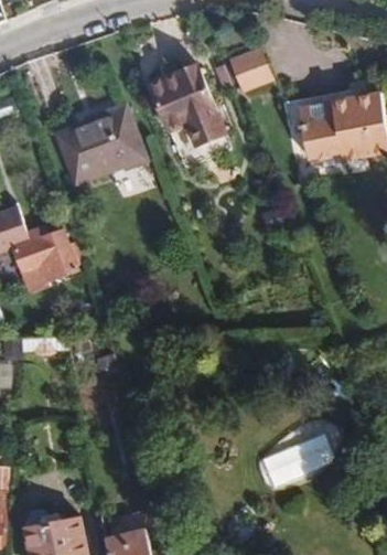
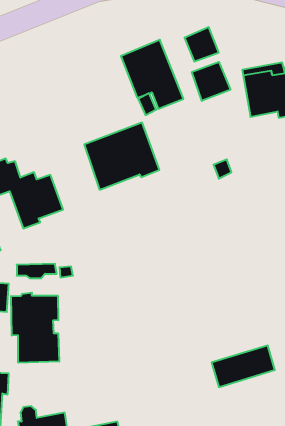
building: none -> [192,62,230,101]
building: [56,104,148,185] -> [84,123,159,190]
building: none -> [11,293,59,363]

